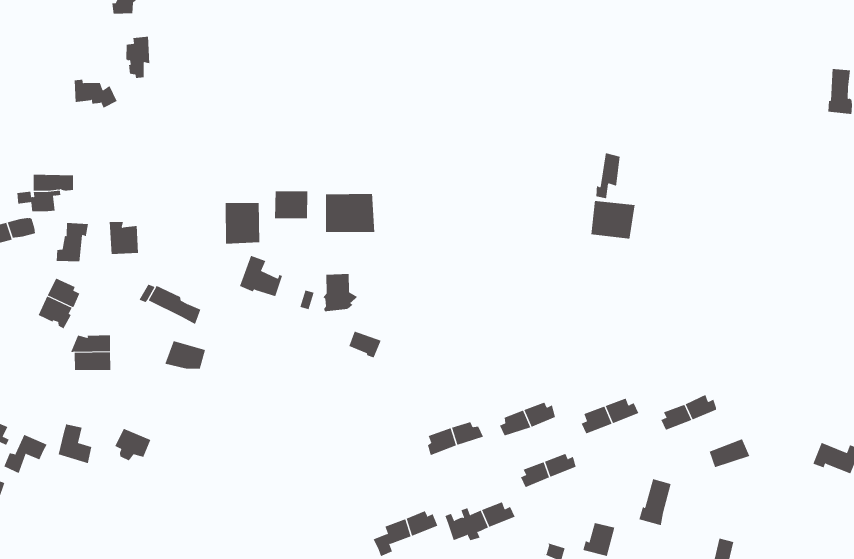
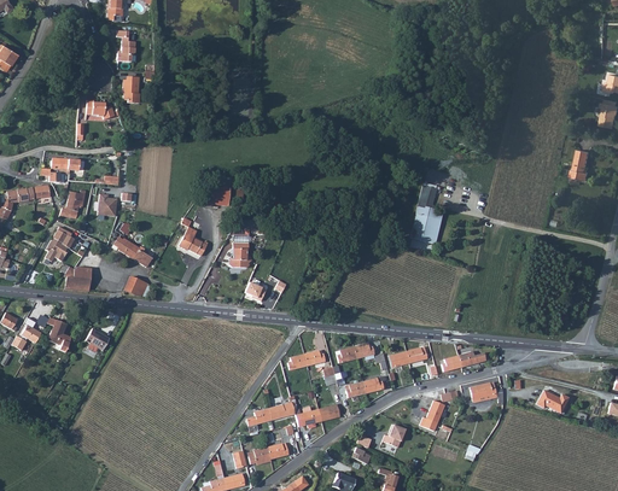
building: [325,193,375,233] -> none
building: [225,202,260,245] -> none

